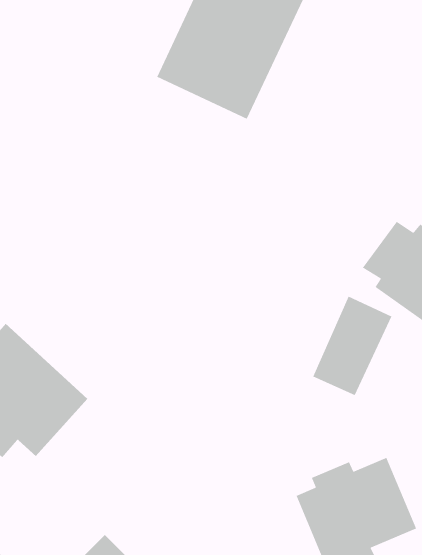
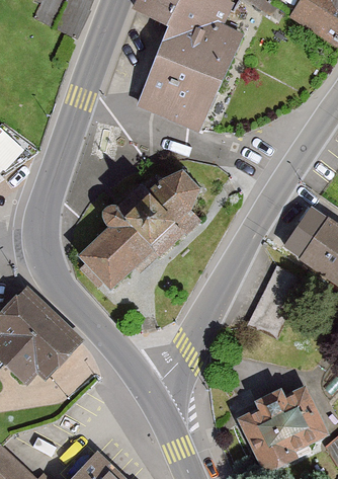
building: none -> [71,166,201,292]

